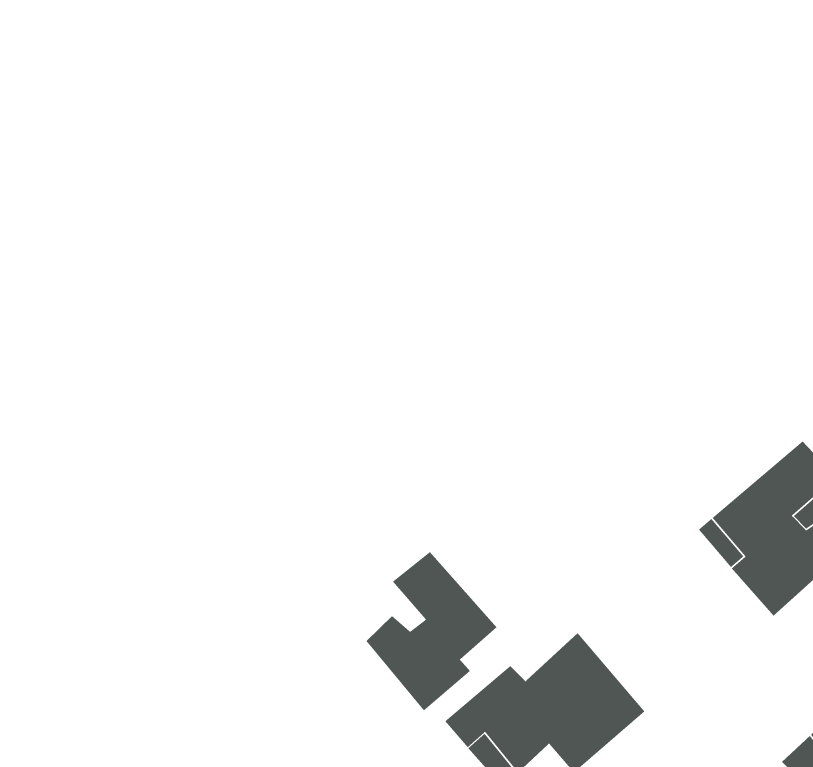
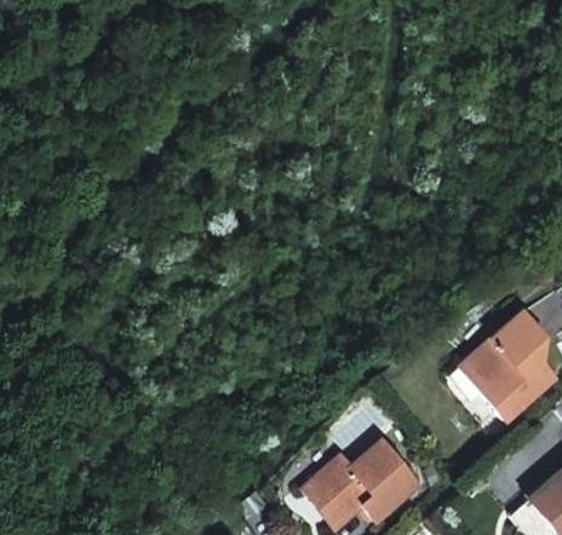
building: [366,551,498,711] -> none

